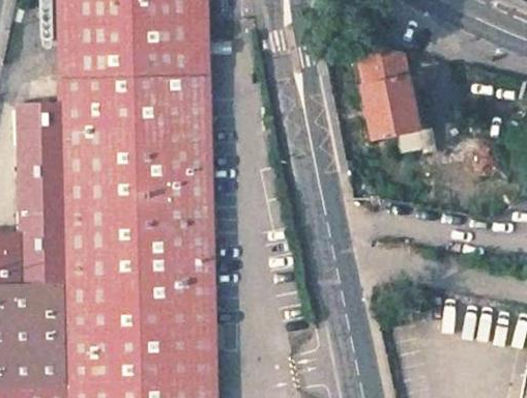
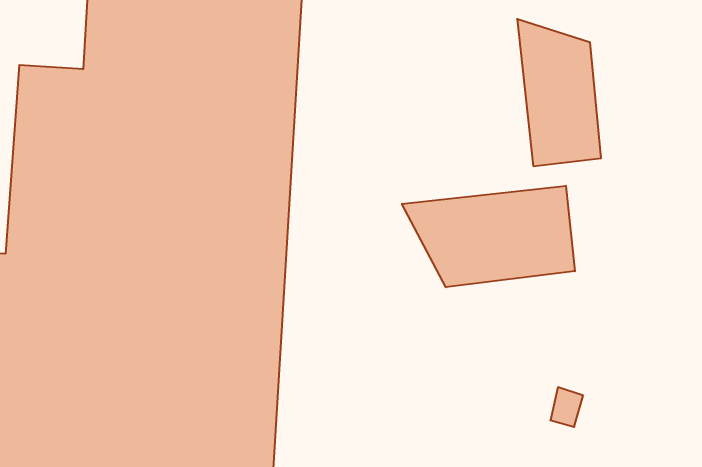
building: none -> [402,186,575,287]

